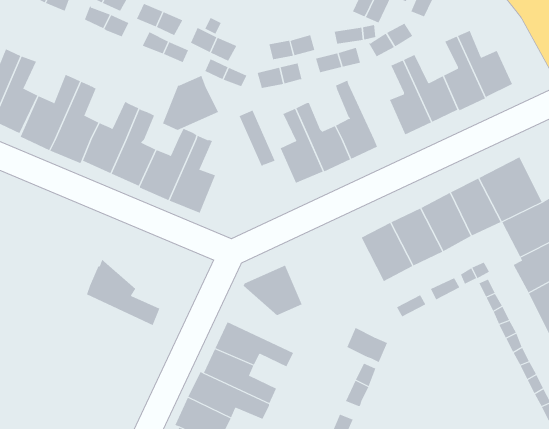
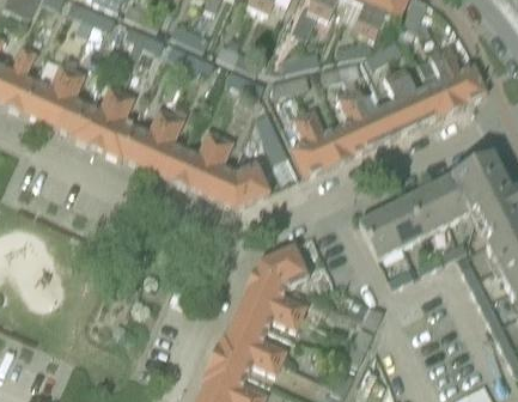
building: [162,75,219,131] -> [223,160,270,207]
building: none -> [348,87,395,145]
building: [86,259,160,326] -> [245,262,307,318]

